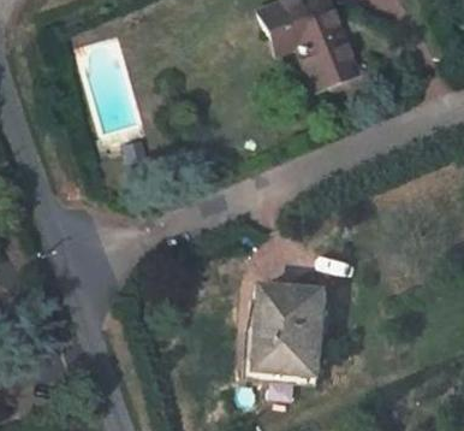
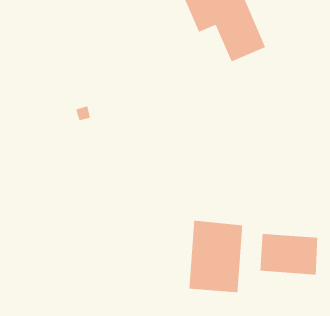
building: none -> [259,233,318,275]

